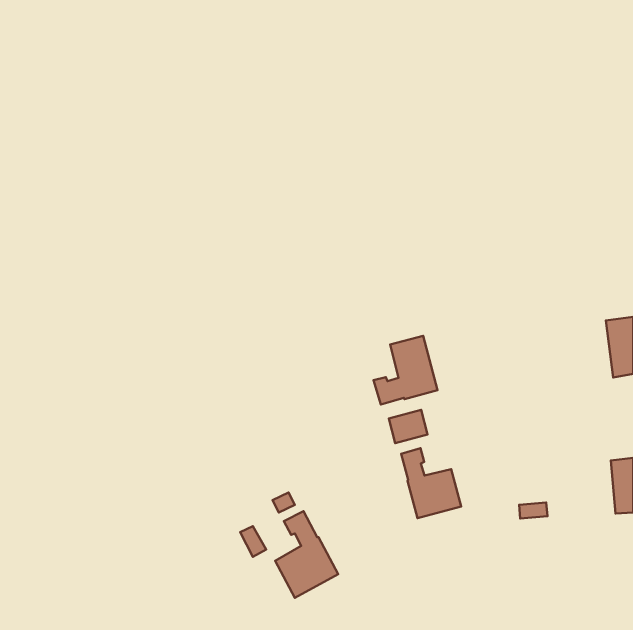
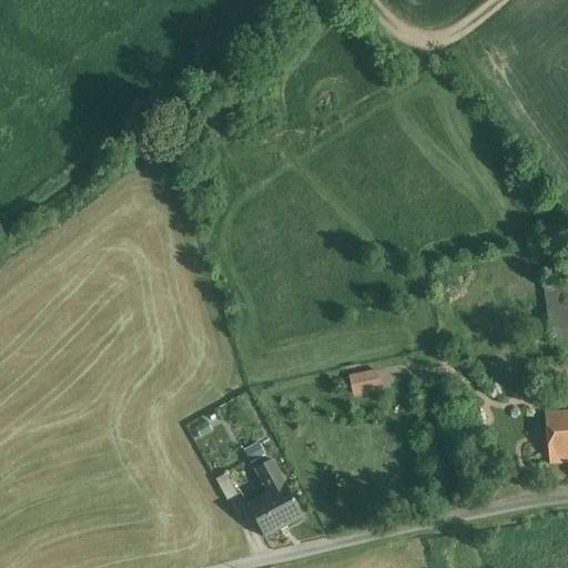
building: [374,336,438,404] -> none
building: [401,448,461,518] -> none

